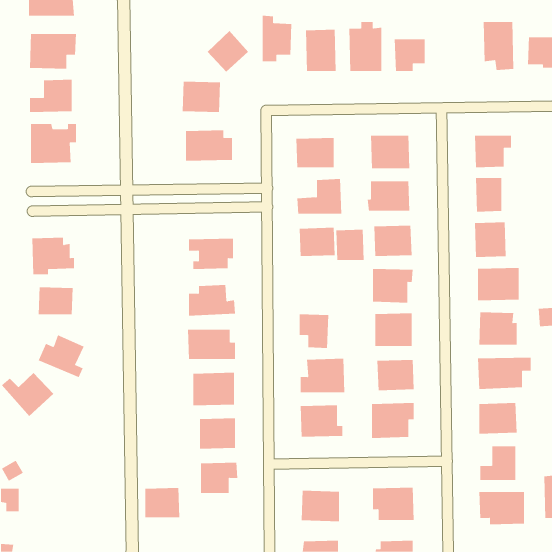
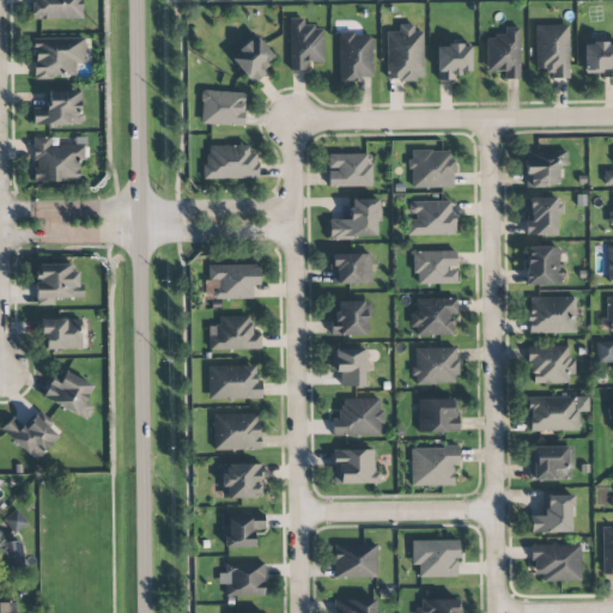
building: none -> [486,26,521,79]
building: [335,229,365,261] -> [334,299,366,334]
building: [145,487,180,518] -> [226,562,266,595]

